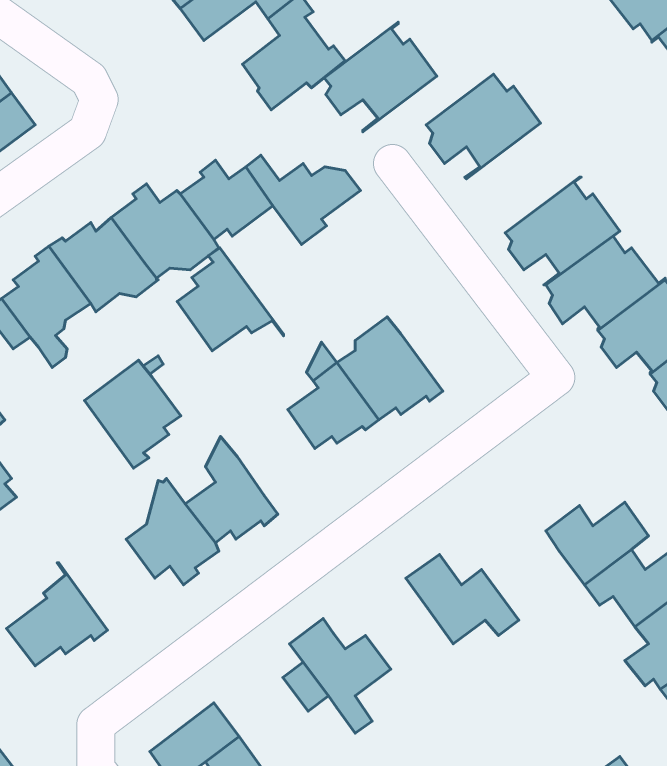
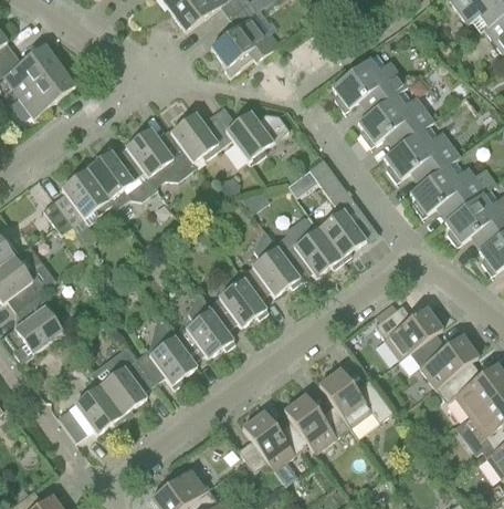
building: [324,22,437,132] -> [358,85,432,157]
building: none -> [308,158,376,261]
building: [177,248,284,351] -> none
building: [85,360,181,468] -> [91,347,154,418]
building: none -> [208,273,267,330]
building: none -> [374,307,442,361]
building: none -> [283,394,349,453]

